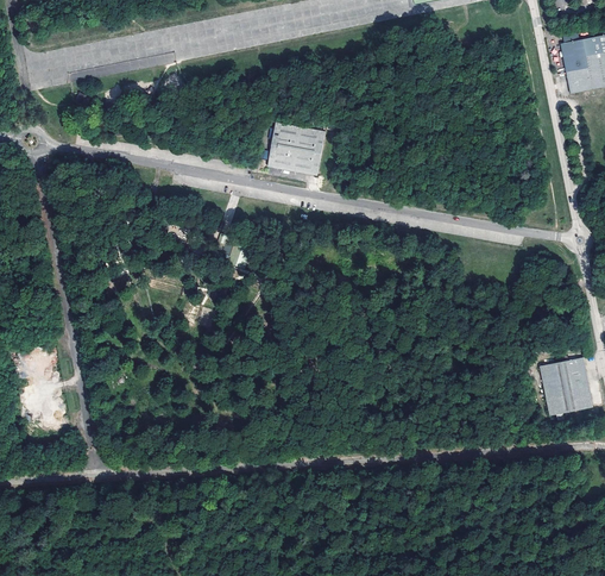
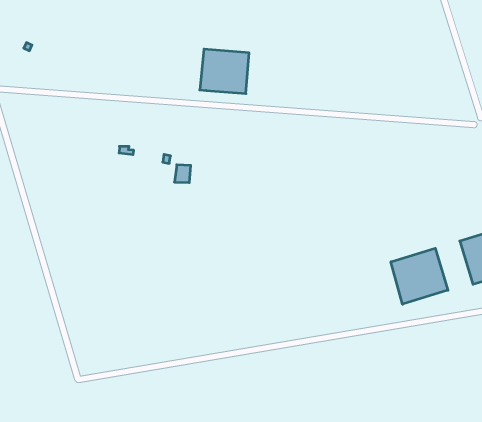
building: none -> [391,248,448,304]

